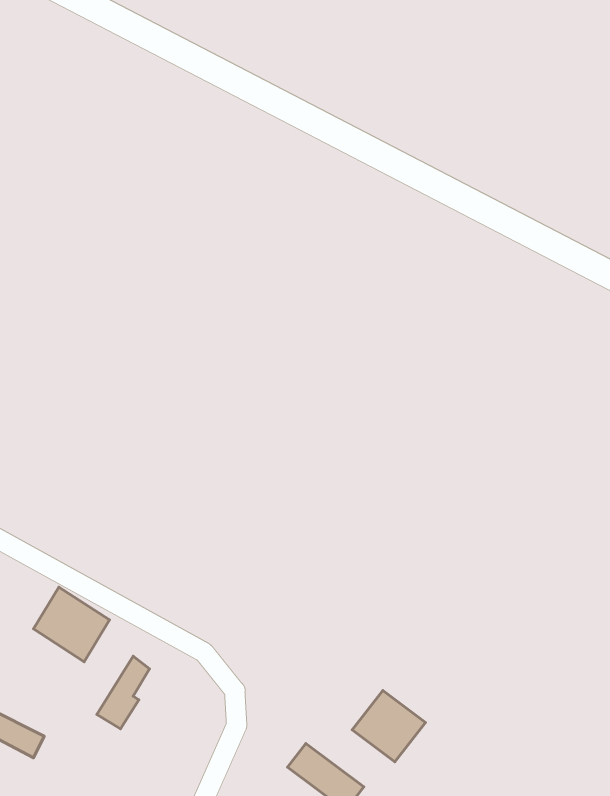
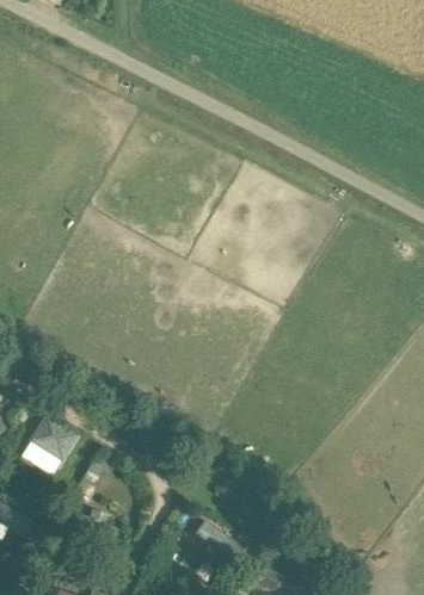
building: [352,690,426,762] -> none

